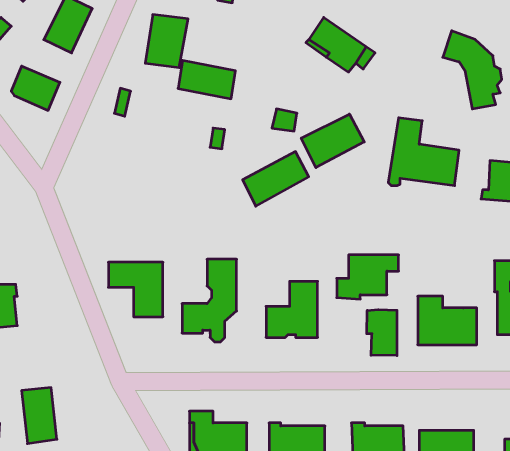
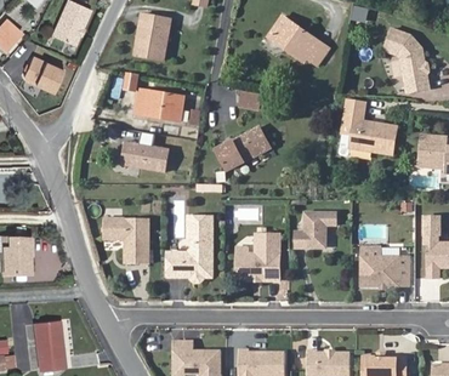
building: [178,60,235,99] -> [136,89,183,120]
building: [301,114,364,168] -> none
building: none -> [121,131,170,171]
building: [367,310,397,356] -> none

